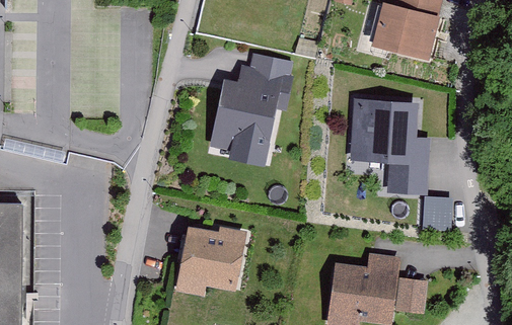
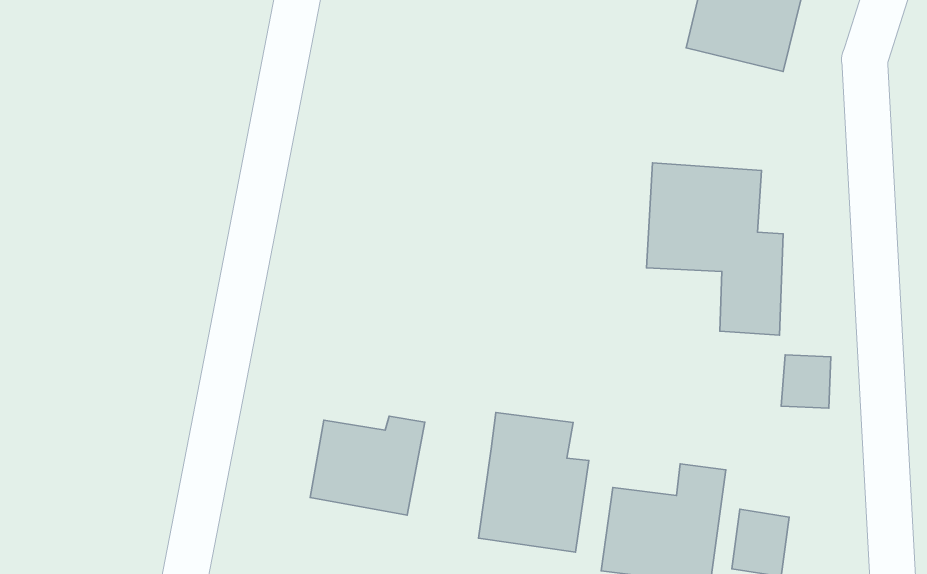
building: [218,54,291,160] -> none
building: none -> [478,412,589,552]

